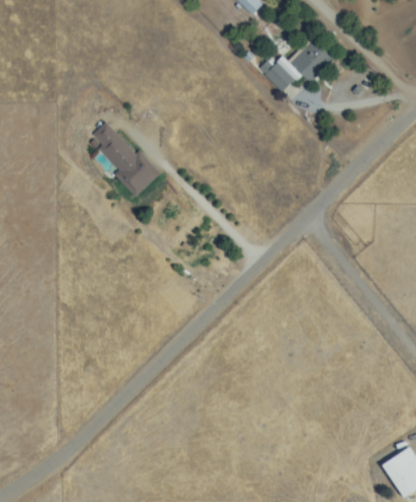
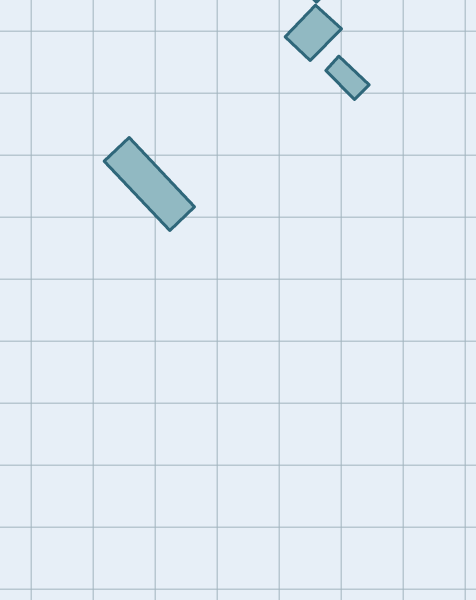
building: [291,39,335,82] -> [285,5,342,60]

